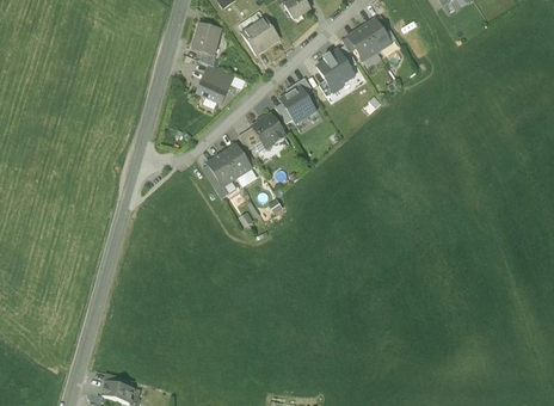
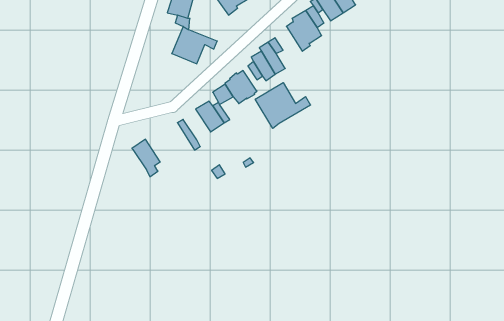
building: none -> [255,83,311,128]
building: [208,152,238,191] -> [132,139,160,177]

